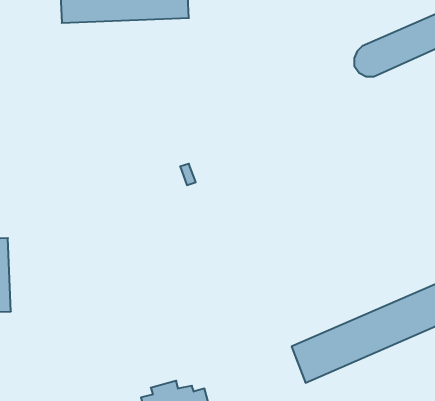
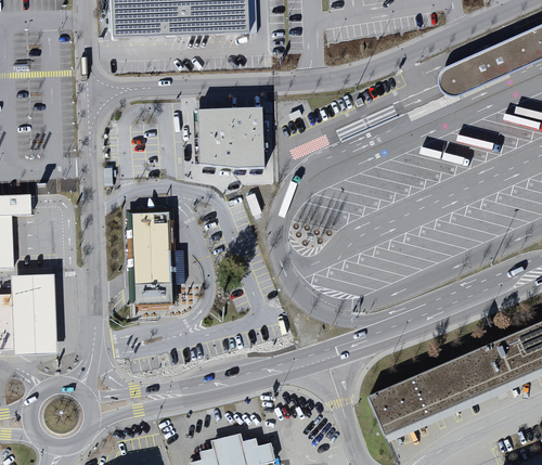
building: none -> [197,107,264,167]
building: none -> [128,210,179,306]

